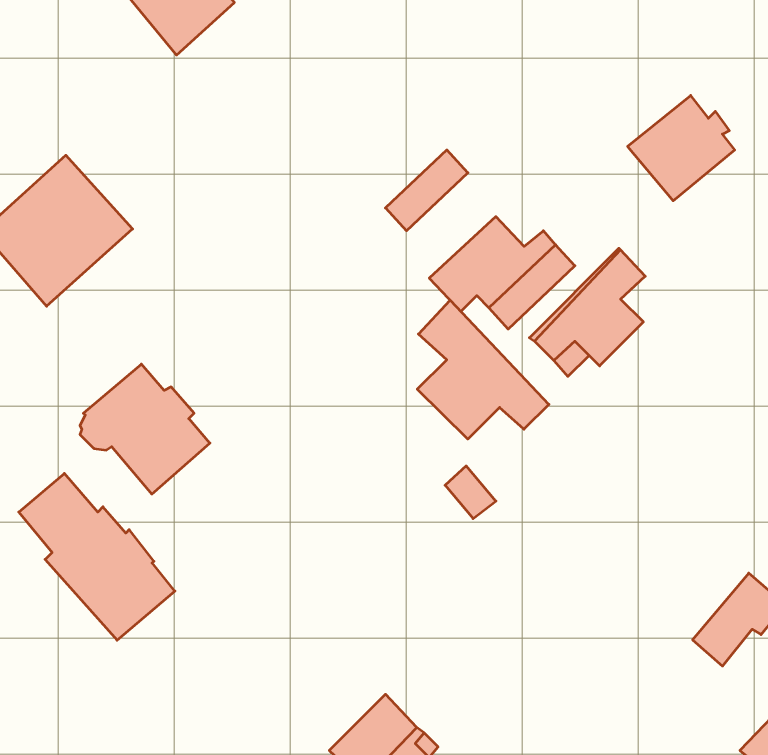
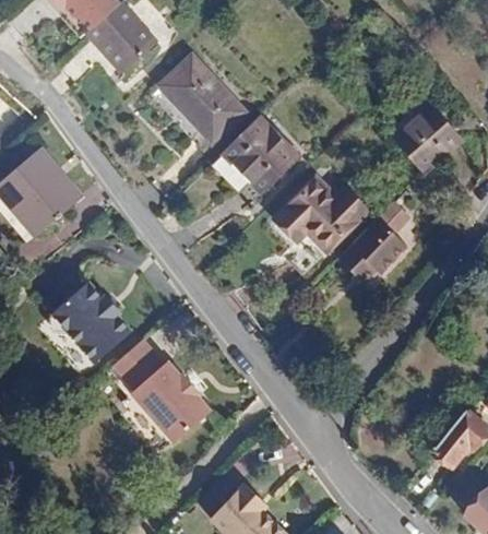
building: none -> [158,57,241,141]
building: none -> [217,115,282,178]
building: [417,300,549,439] -> none
building: [19,473,175,640] -> [119,333,216,437]

